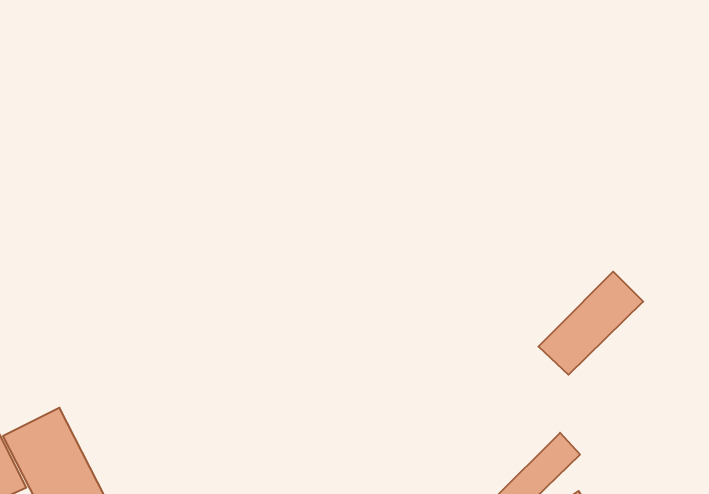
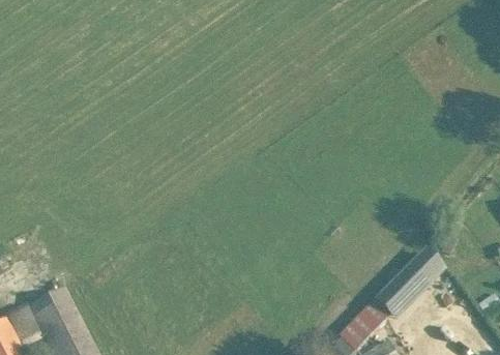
building: [538,272,643,375] -> [378,252,443,316]

